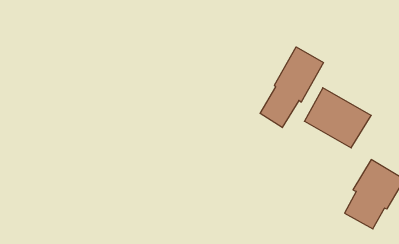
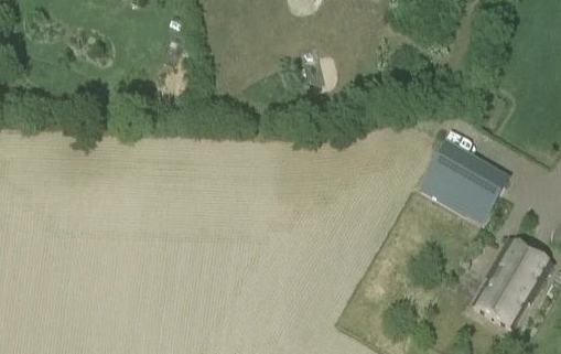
building: [260,47,323,128] -> none

